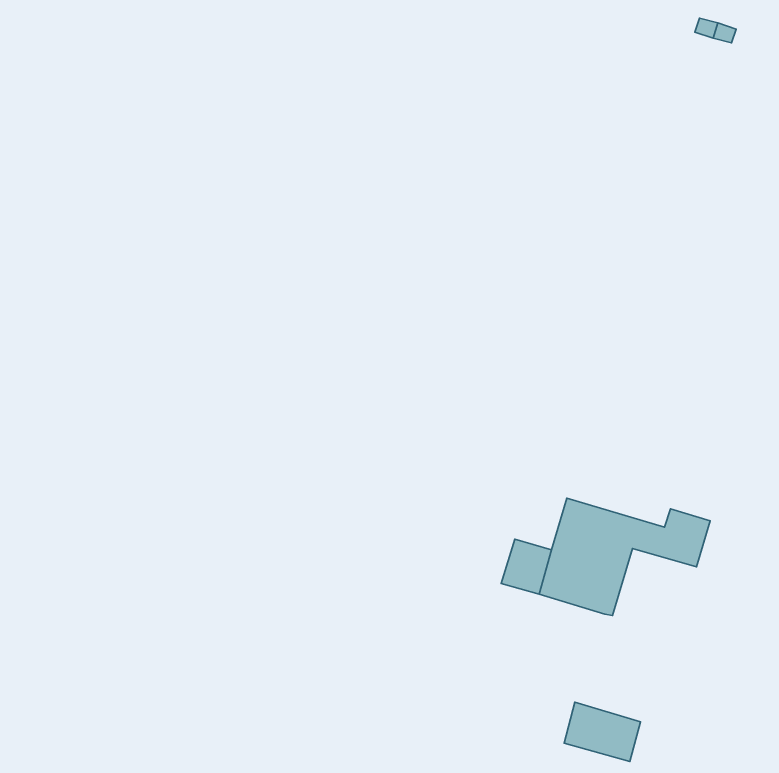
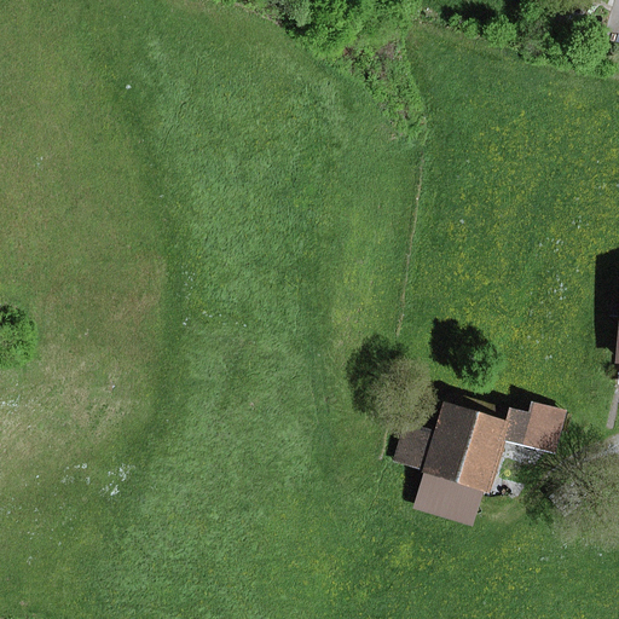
building: [564,702,640,762] -> [420,476,480,523]

